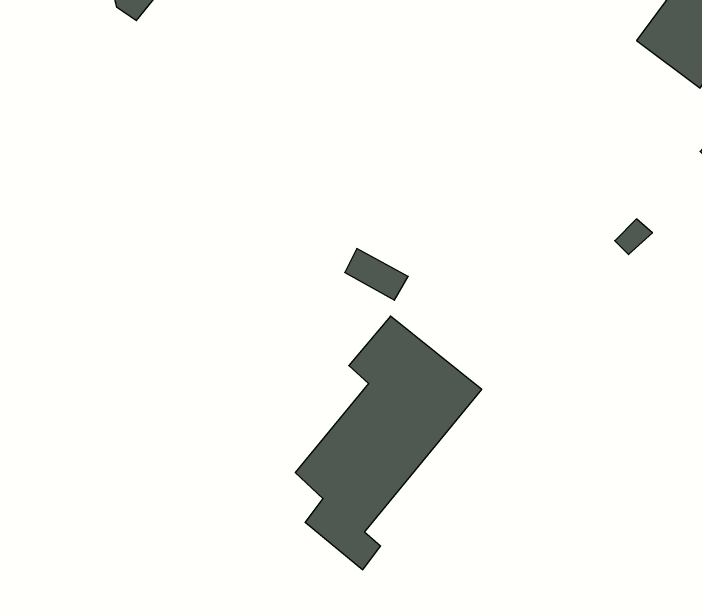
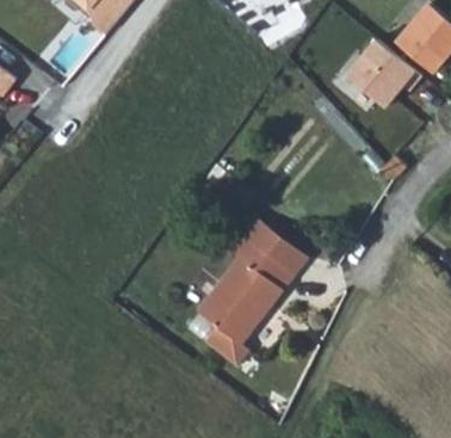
building: none -> [356,35,432,109]

